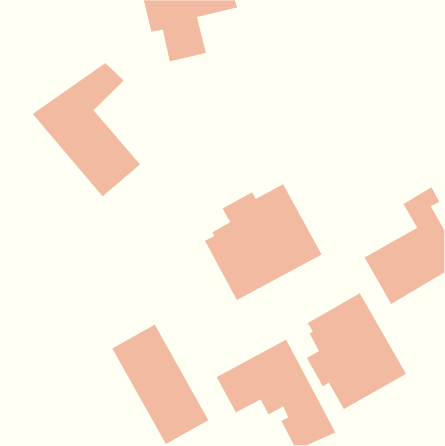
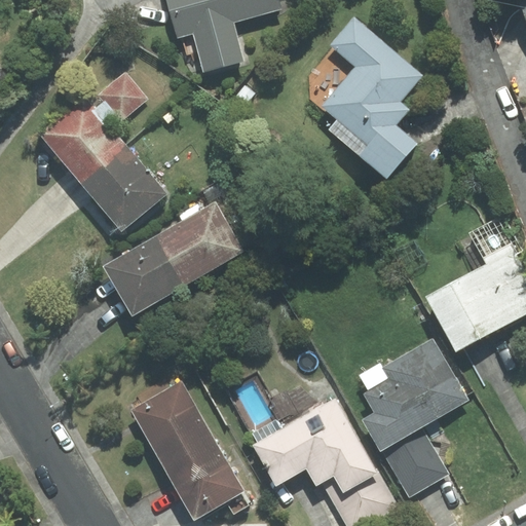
building: none -> [318,14,423,180]
building: none -> [104,203,243,315]
building: [204,183,323,301] -> none

